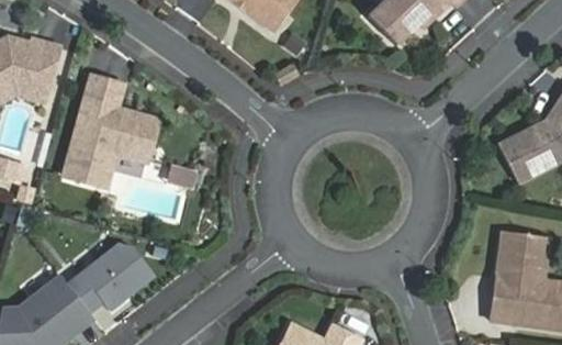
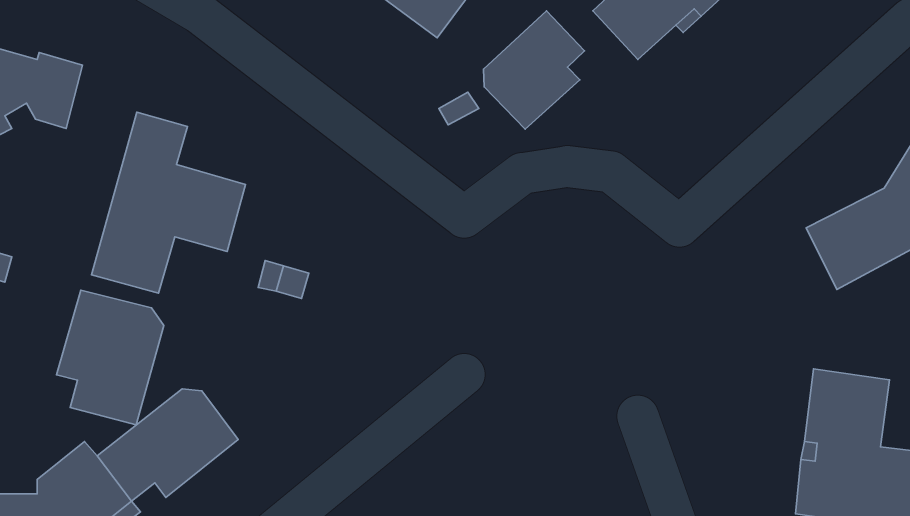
building: none -> [483,11,585,129]
building: none -> [56,290,164,425]

